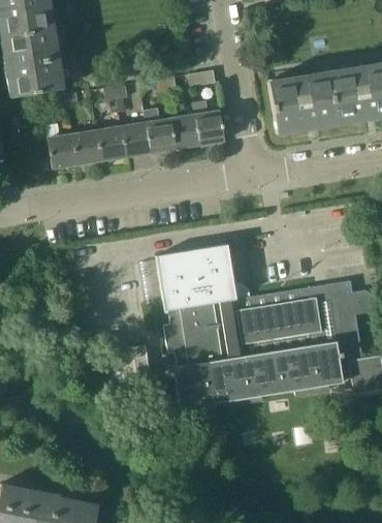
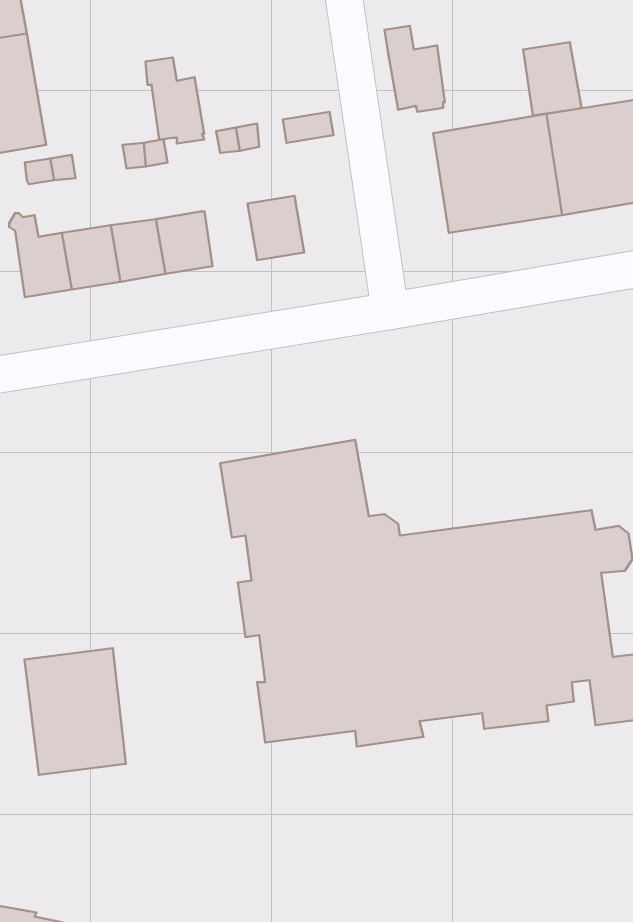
building: none -> [523,42,581,115]
building: [193,100,225,146] -> [384,26,445,112]
building: [145,109,176,154] -> [146,58,204,143]
building: none -> [25,648,126,775]

